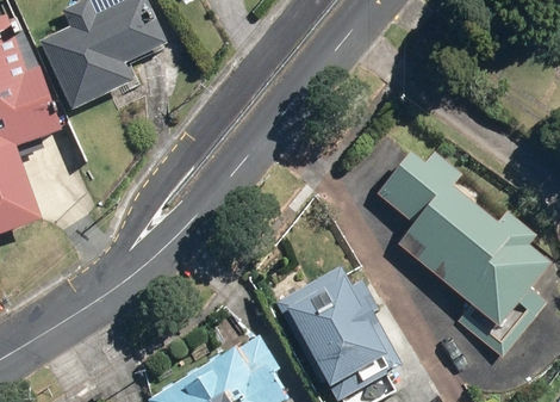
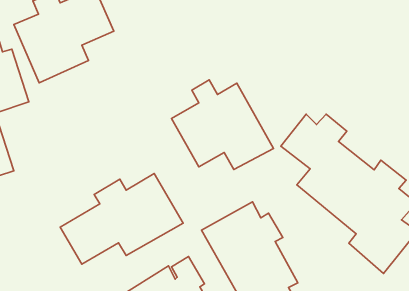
building: none -> [171,80,274,169]
building: none -> [60,174,183,264]

